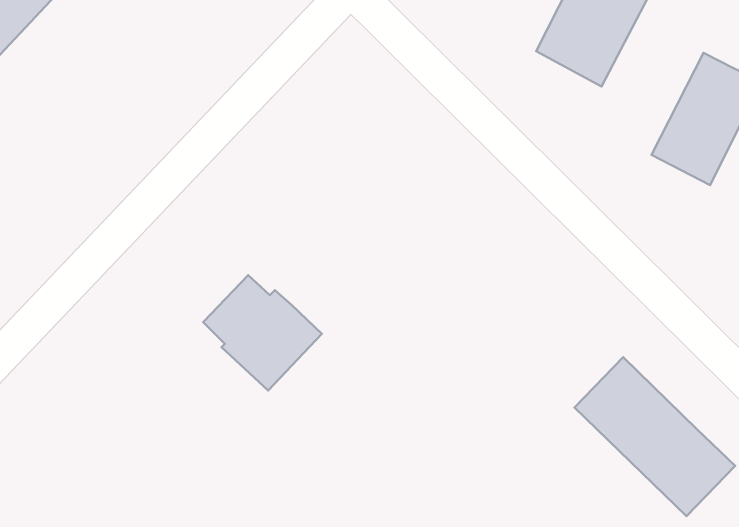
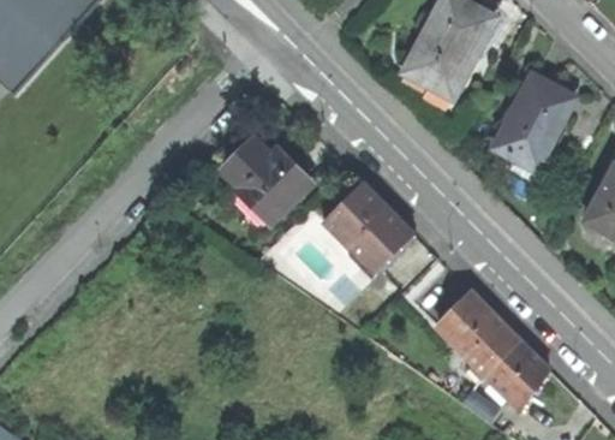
building: none -> [322,183,413,273]
building: [203,275,322,391] -> [220,136,305,219]

